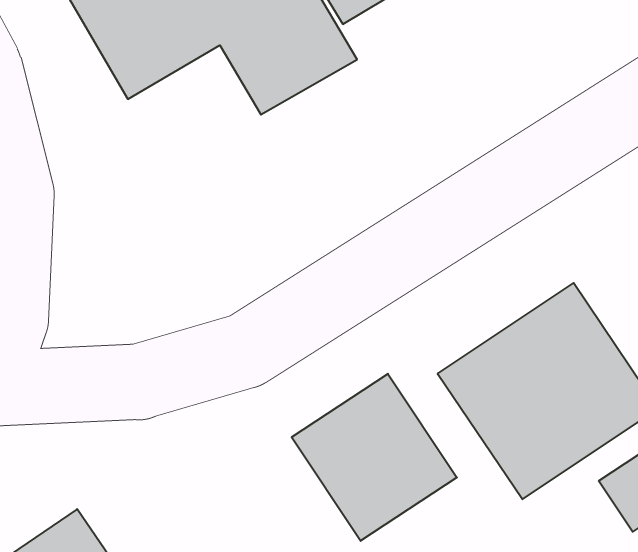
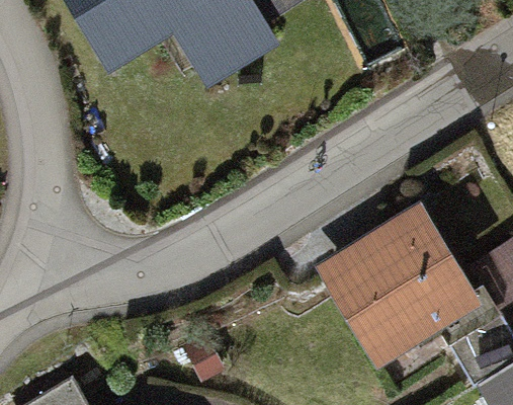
building: [292,374,457,541] -> none

